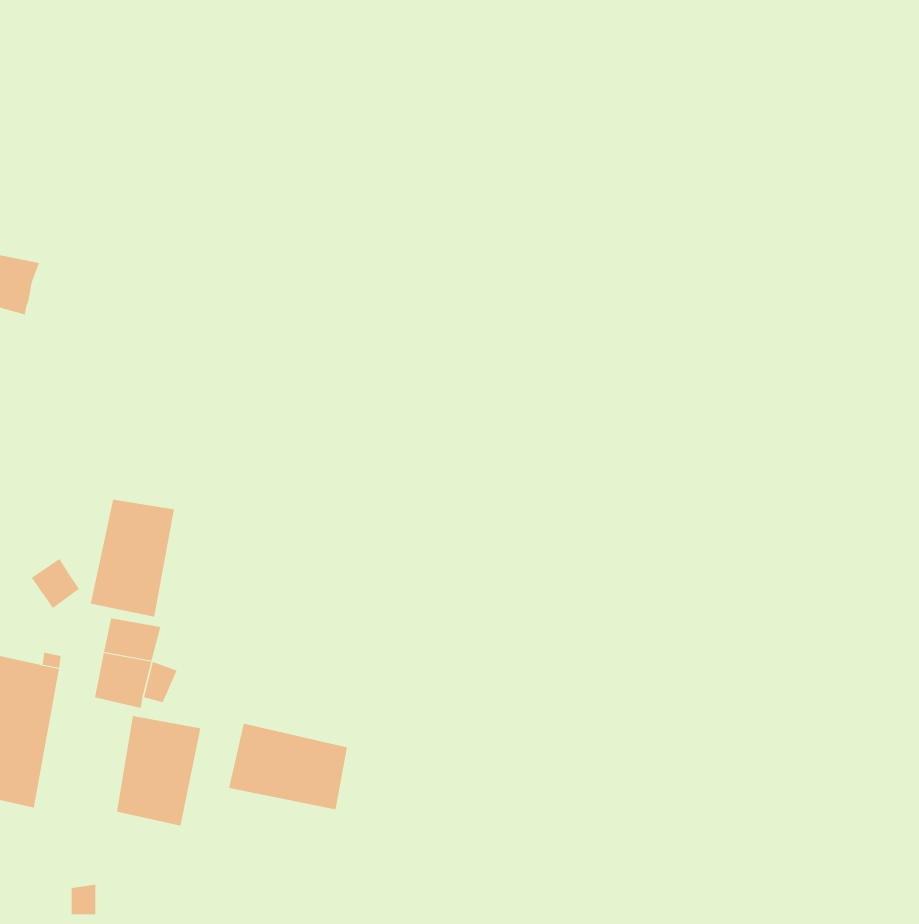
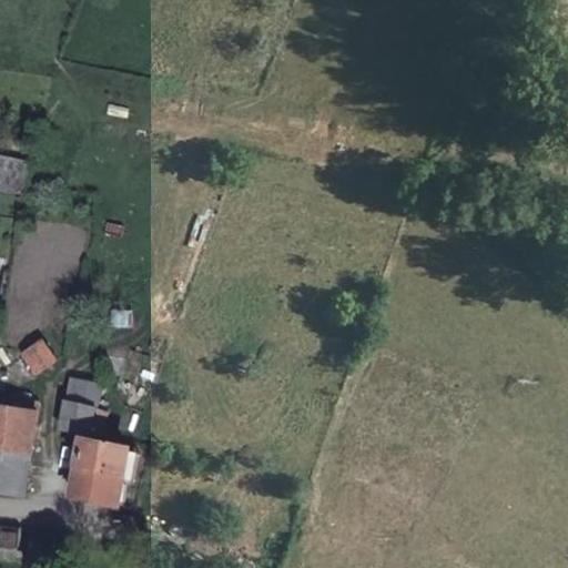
building: [90,499,175,618] -> none
building: [229,723,347,810] -> none

